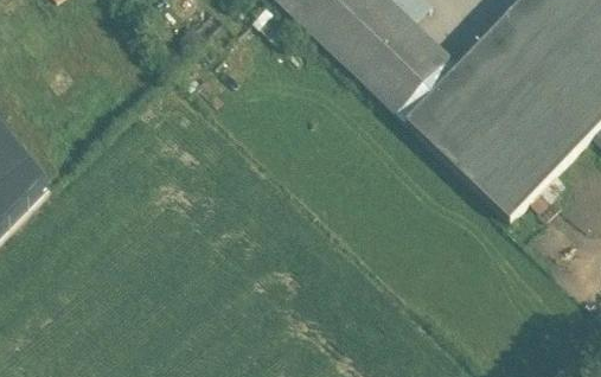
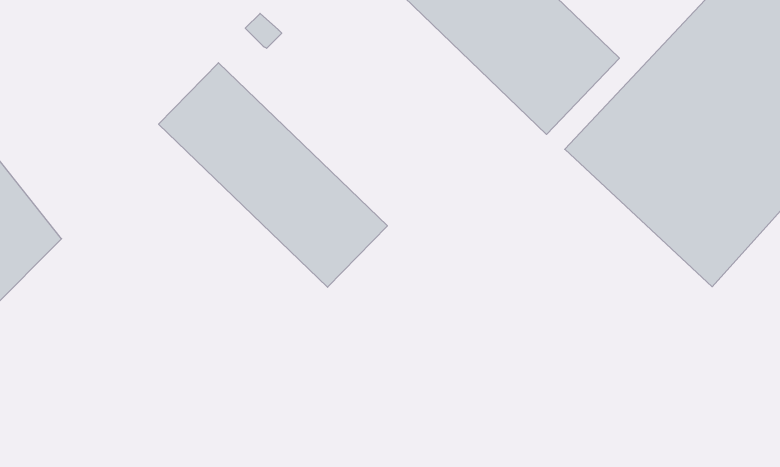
building: none -> [159,63,387,287]

